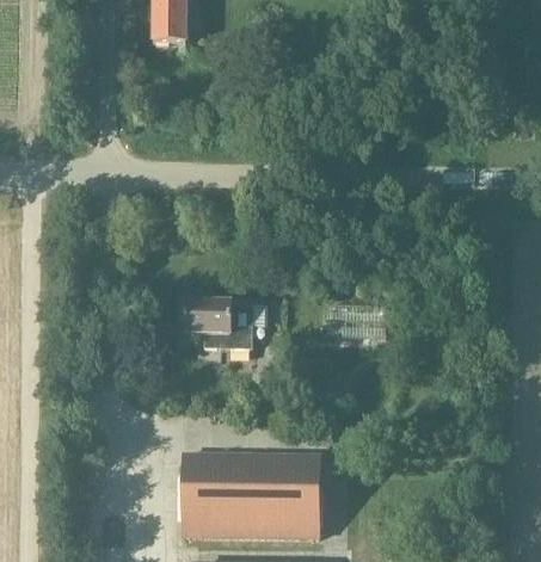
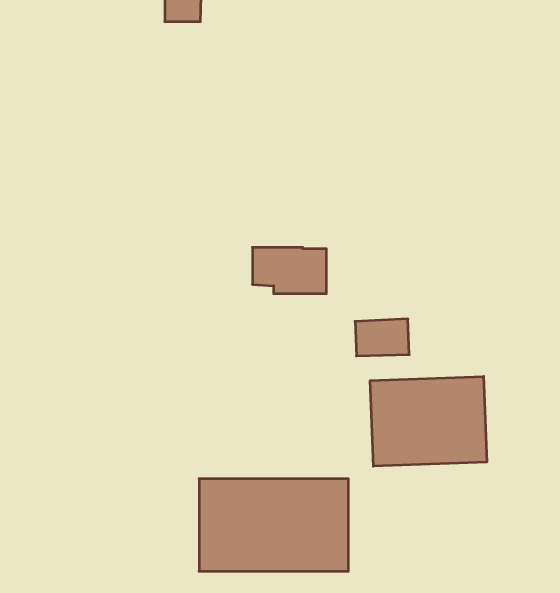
building: [184,301,251,342] -> [252,247,326,294]
building: none -> [370,376,487,466]

